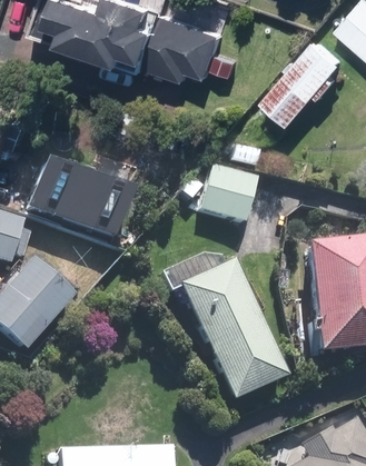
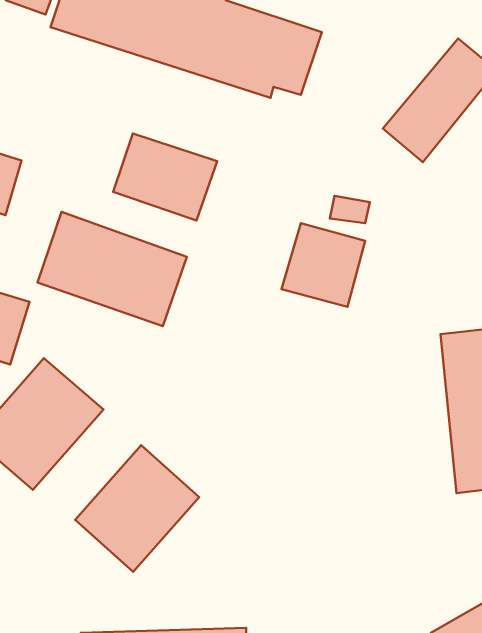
building: none -> [113,134,217,221]
building: [178,258,287,400] -> none
building: none -> [75,445,199,572]

